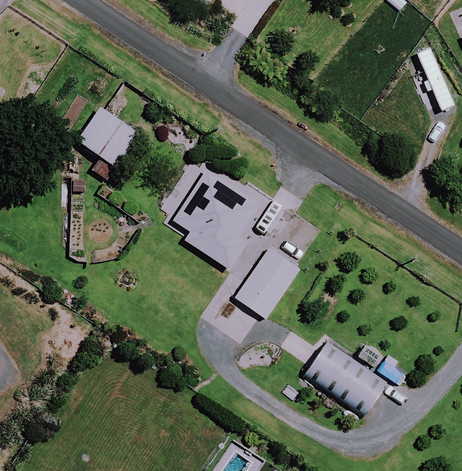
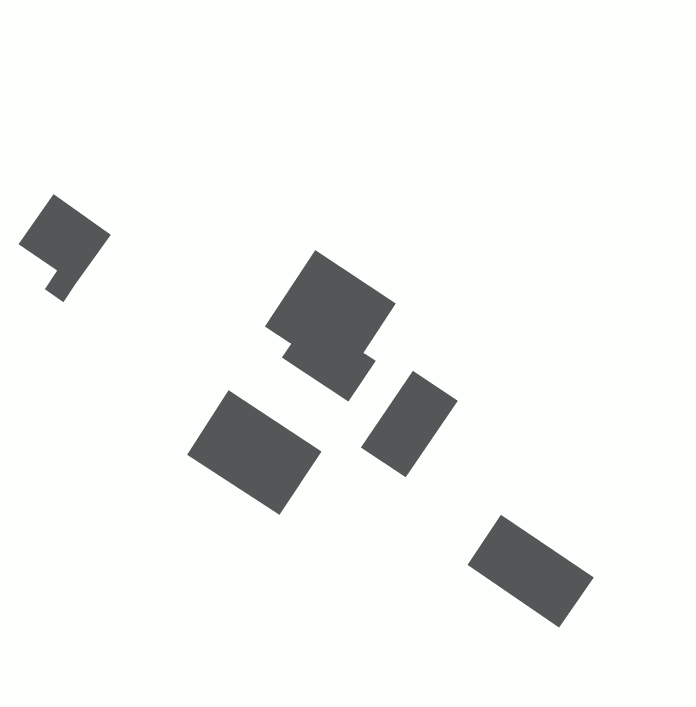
building: [77,107,138,178] -> [17,193,112,303]
building: none -> [186,389,322,516]

